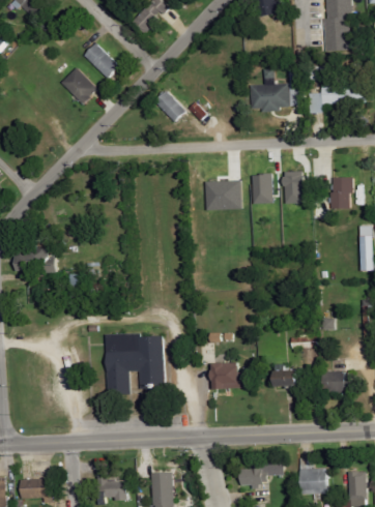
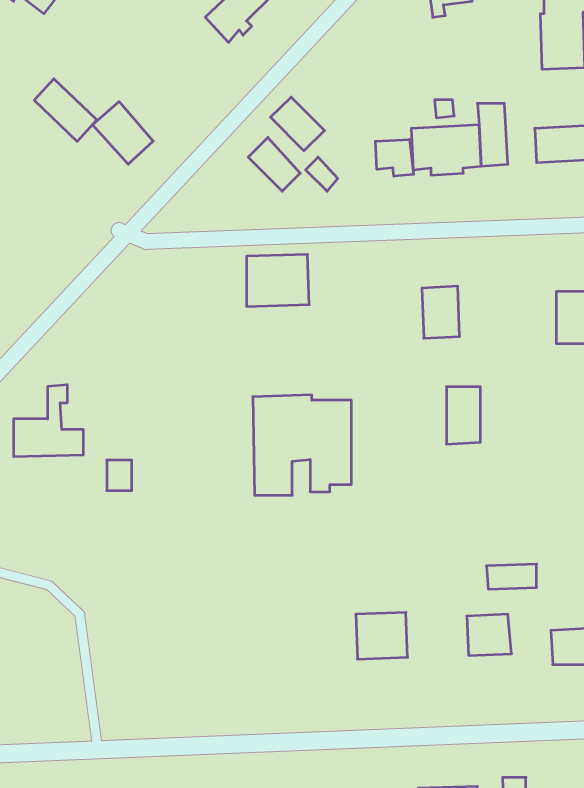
building: [83,43,119,80] -> [34,79,97,141]
building: none -> [270,97,325,151]
building: none -> [375,139,414,176]
building: [285,172,305,205] -> [446,387,480,444]
building: [206,181,242,211] -> [247,254,309,306]
building: [107,334,164,392] -> [253,395,351,495]

